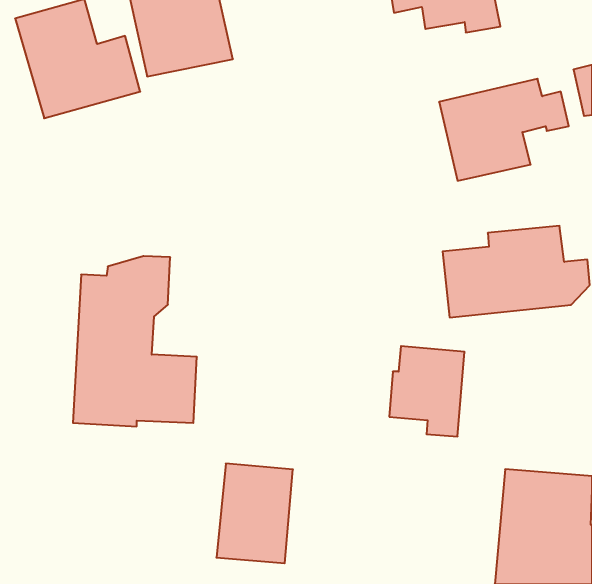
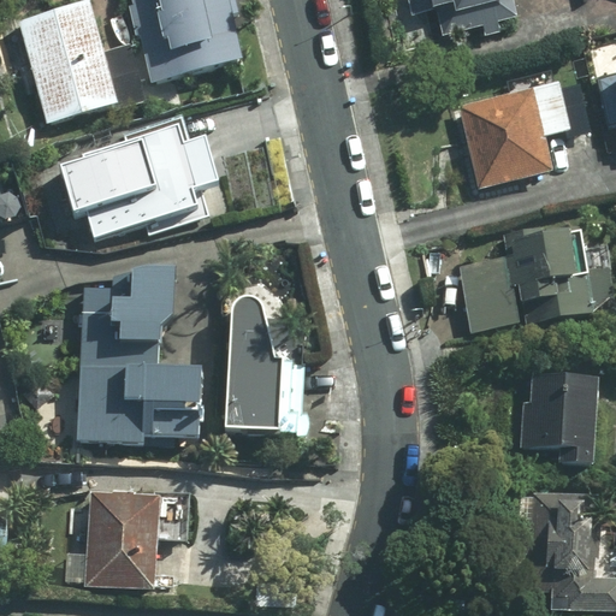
building: none -> [49,114,230,247]
building: none -> [238,301,300,436]
building: [389,346,465,436] -> [520,373,598,467]
building: [216,464,293,563] -> [83,487,162,591]

